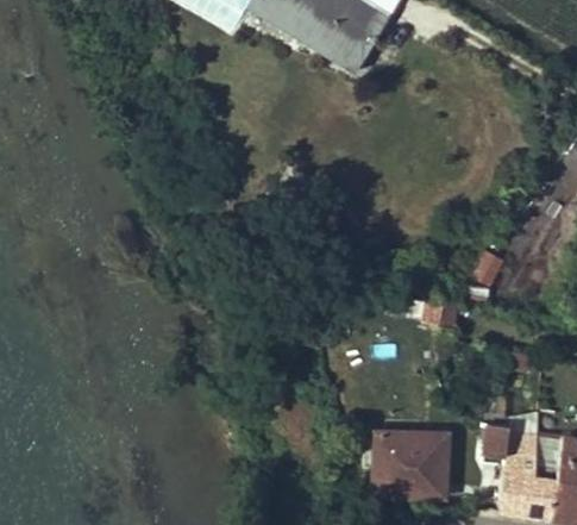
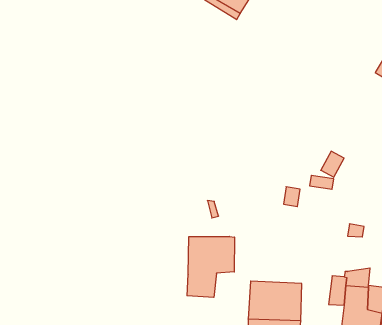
building: none -> [187,236,234,297]

